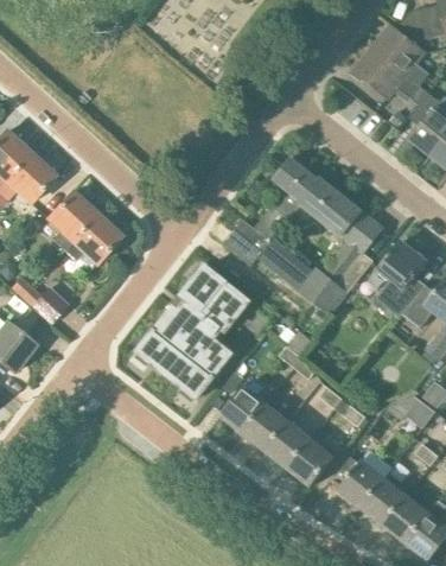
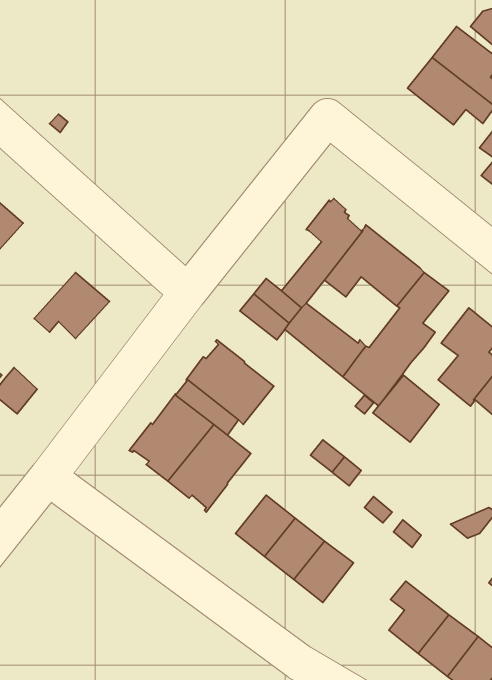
building: [46,191,96,249] -> none
building: none -> [373,375,439,442]
building: [287,438,334,486] -> none

